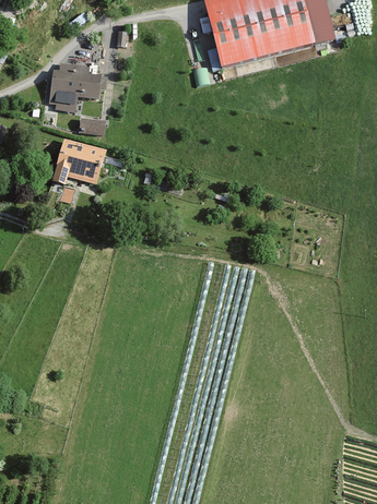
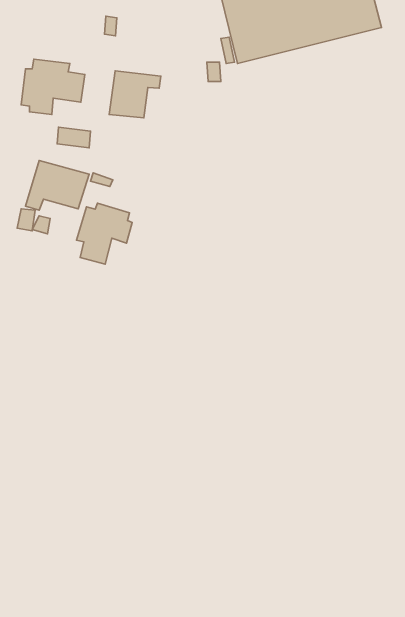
building: none -> [109,71,161,118]
building: none -> [76,203,132,264]

